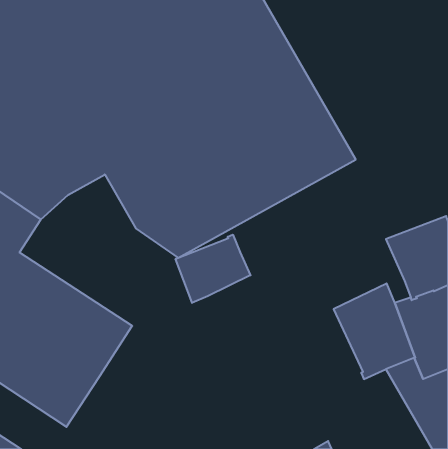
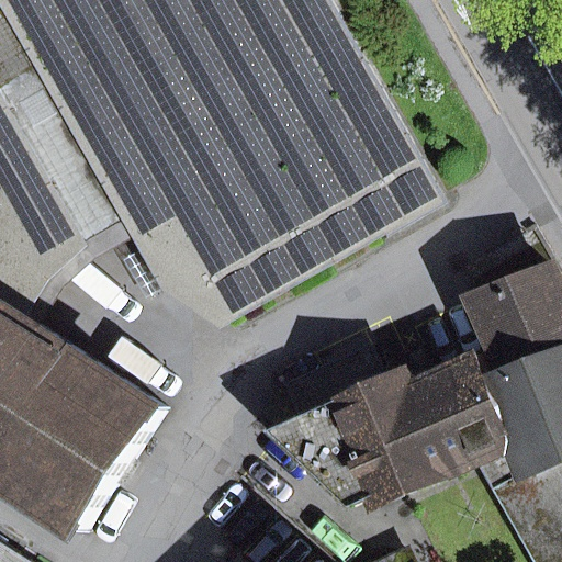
building: [176,235,251,303] -> none
building: none -> [276,346,450,505]

